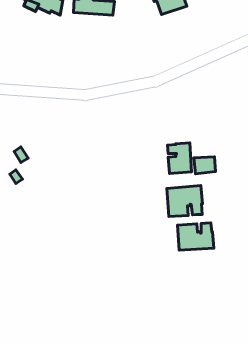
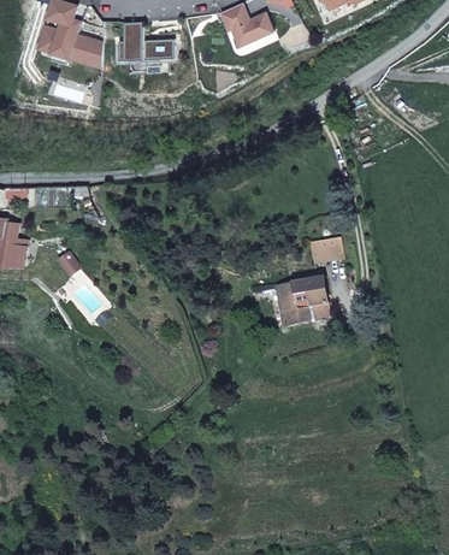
building: [167,143,192,174] -> none
building: [177,223,214,250] -> none

